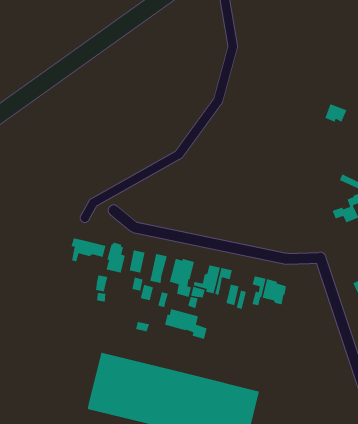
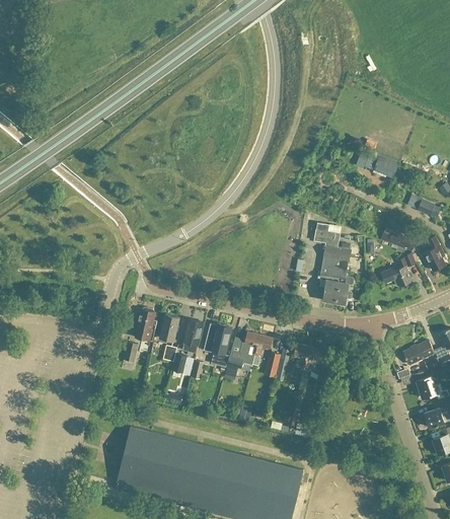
building: none -> [313,223,354,304]
building: [70,237,106,263] -> none
building: [164,308,208,340] -> none

